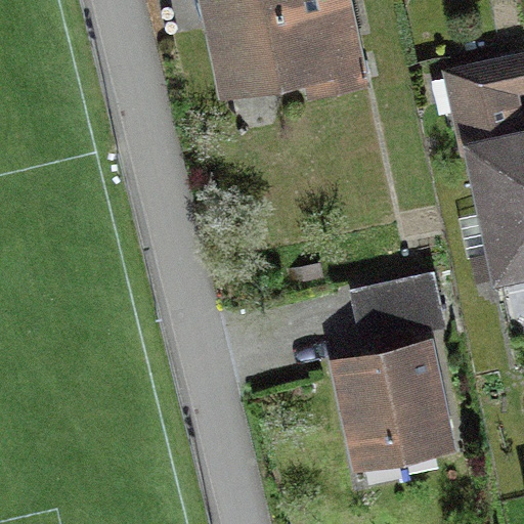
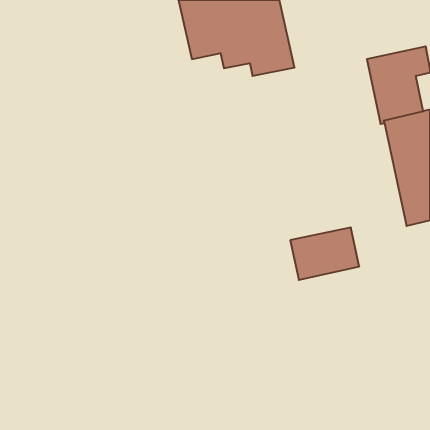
building: [336,347,441,451] -> none

